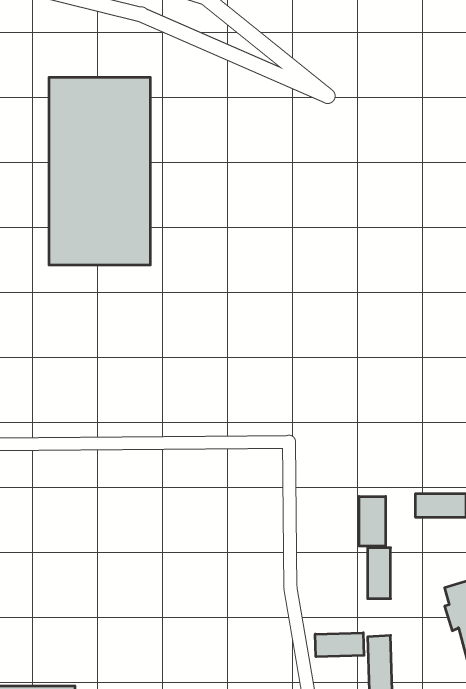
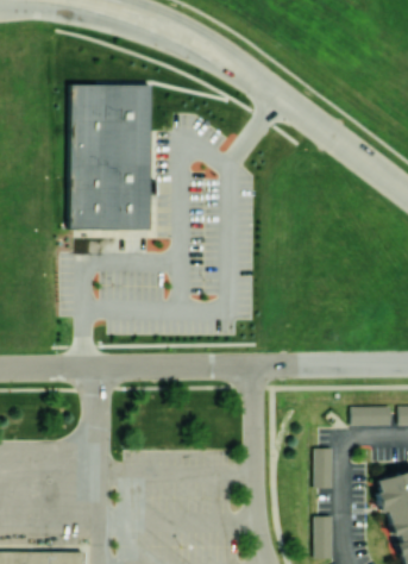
building: [359,496,386,546] -> none
building: [315,633,364,657] -> none

